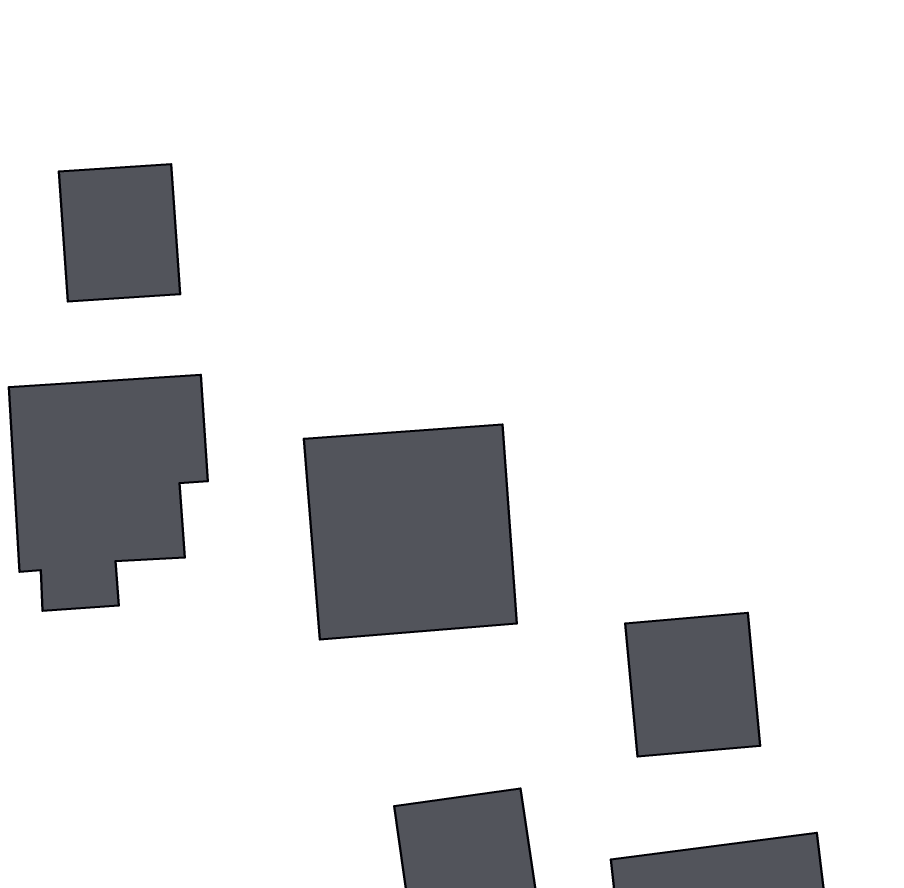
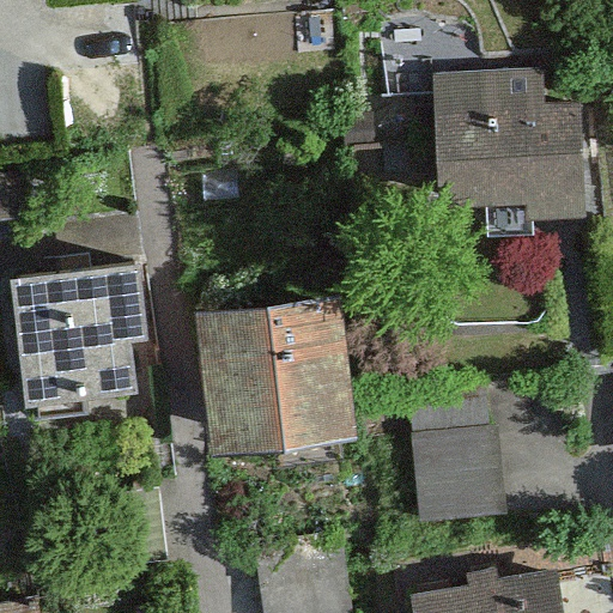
building: none -> [435,77,582,225]
building: [59,164,180,301] -> none

